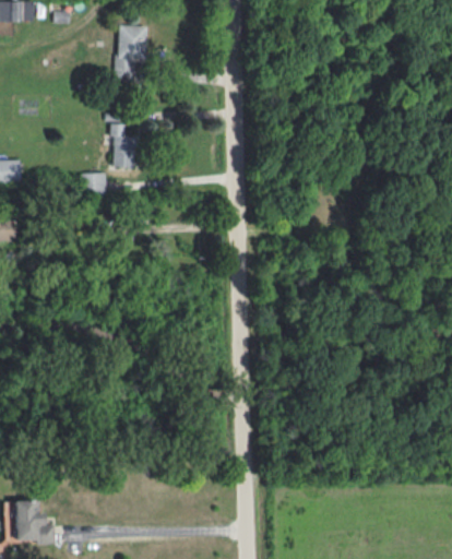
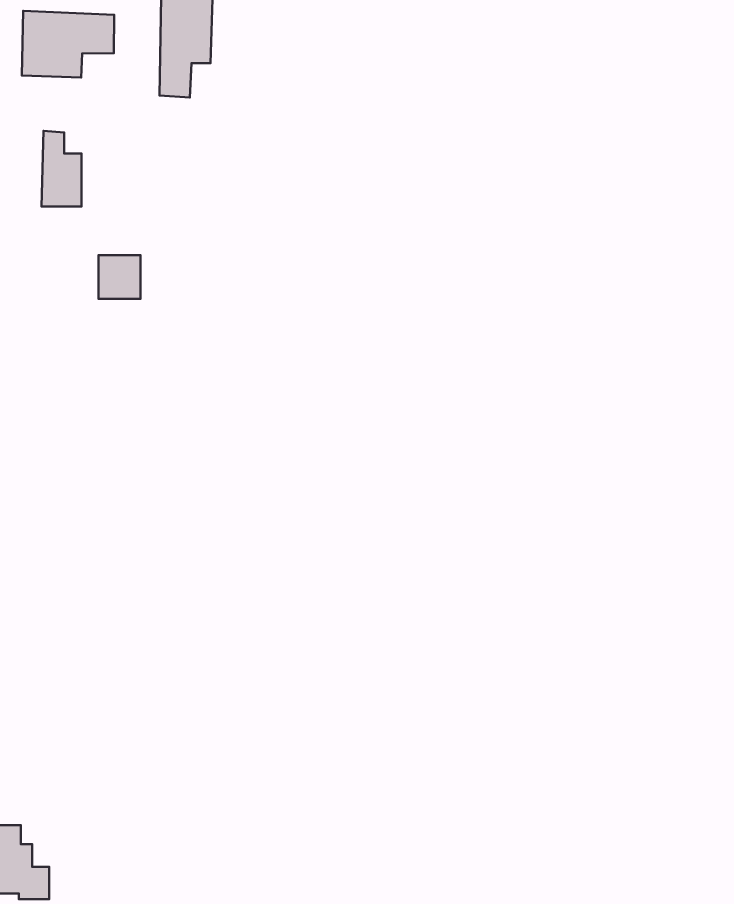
building: none -> [22,11,114,77]
building: [112,122,135,166] -> [41,131,81,207]

